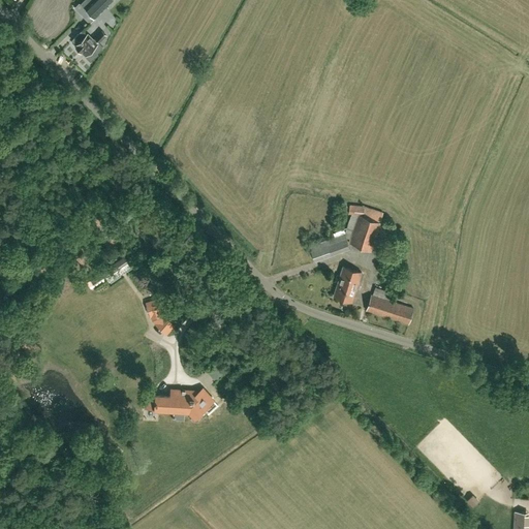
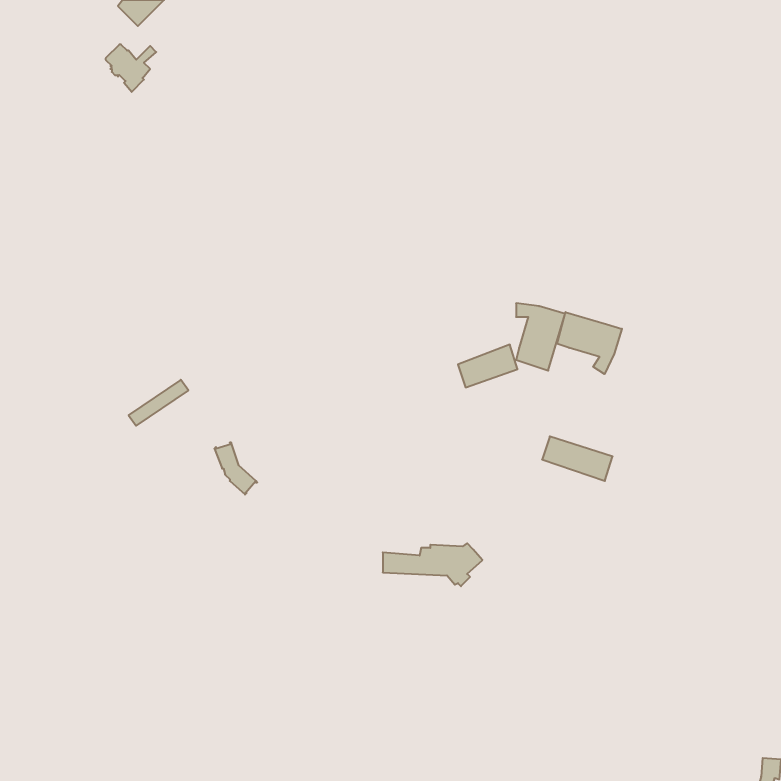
building: none -> [557,312,622,374]
building: [334,268,361,303] -> none
building: [145,390,212,418] -> [383,543,482,586]

